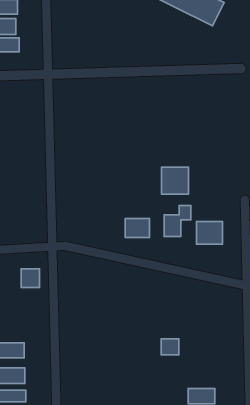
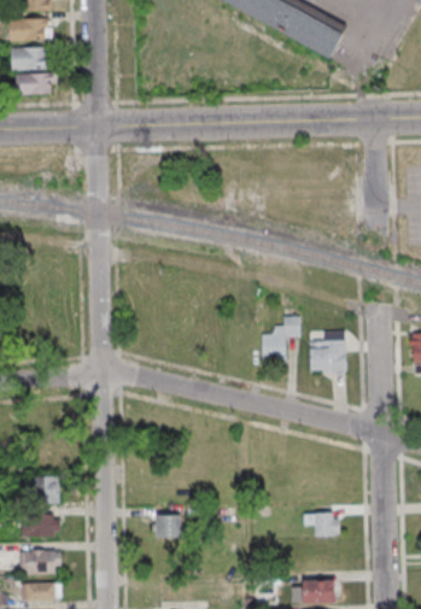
building: [161,167,188,194] -> none
building: [125,218,149,237] -> none
building: [21,269,40,287] -> [31,475,58,502]
building: [161,339,179,355] -> [314,513,339,535]
building: none -> [156,514,181,537]

